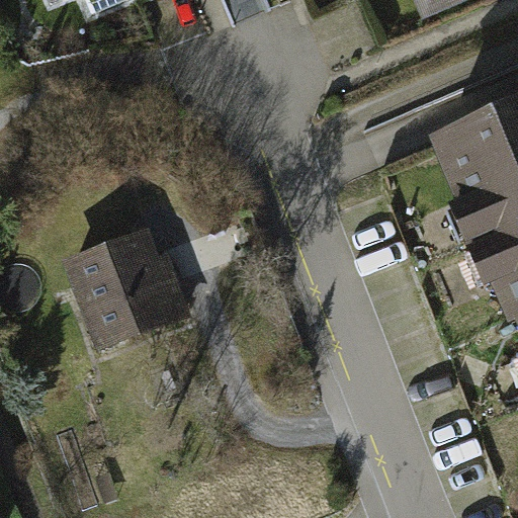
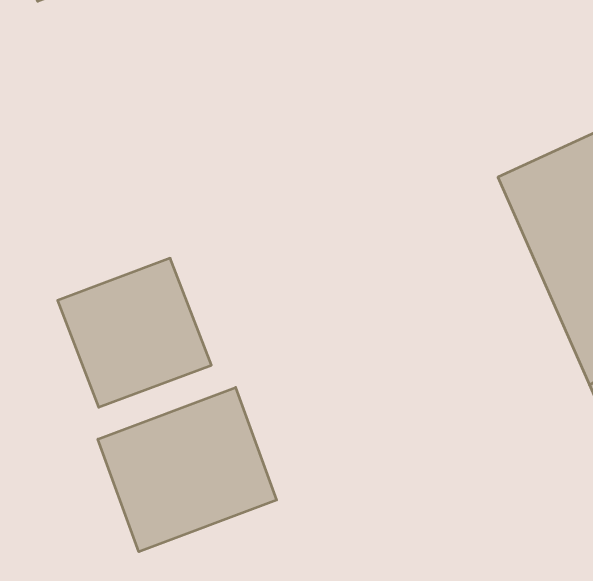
building: none -> [98,387,277,552]

